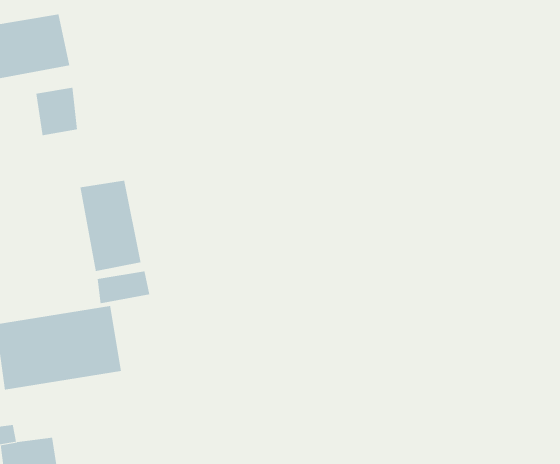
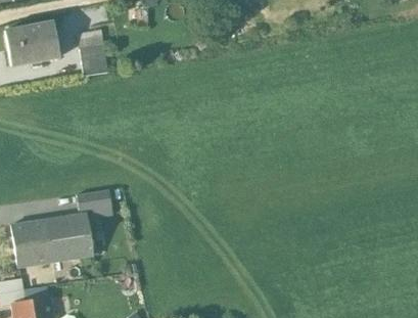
building: [36,87,78,136] -> [79,44,106,76]
building: [80,180,141,272] -> none

